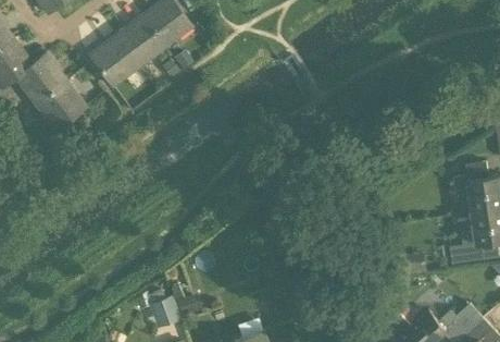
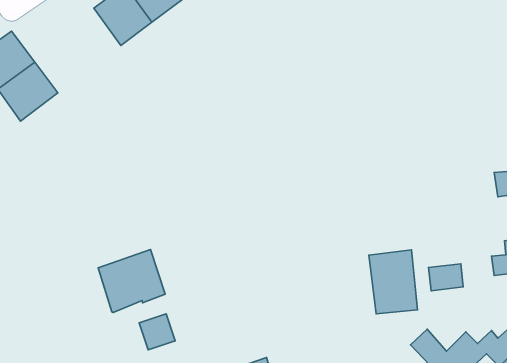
building: [88,36,138,87] -> none
building: none -> [98,250,165,313]
building: none -> [369,250,418,314]

